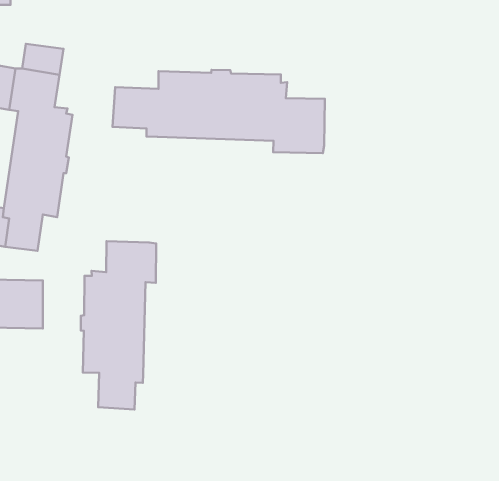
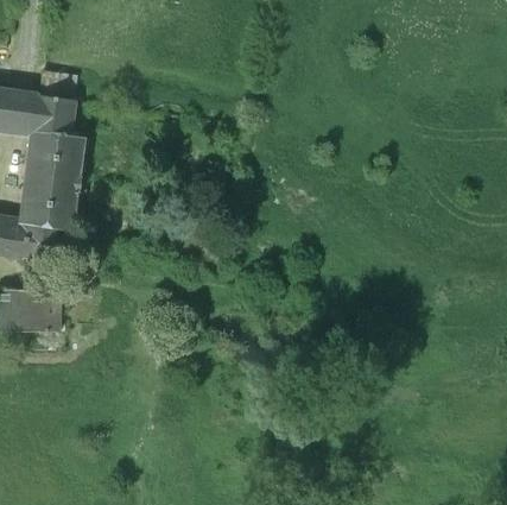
building: [113,70,325,153] -> none
building: [81,241,156,410] -> none

